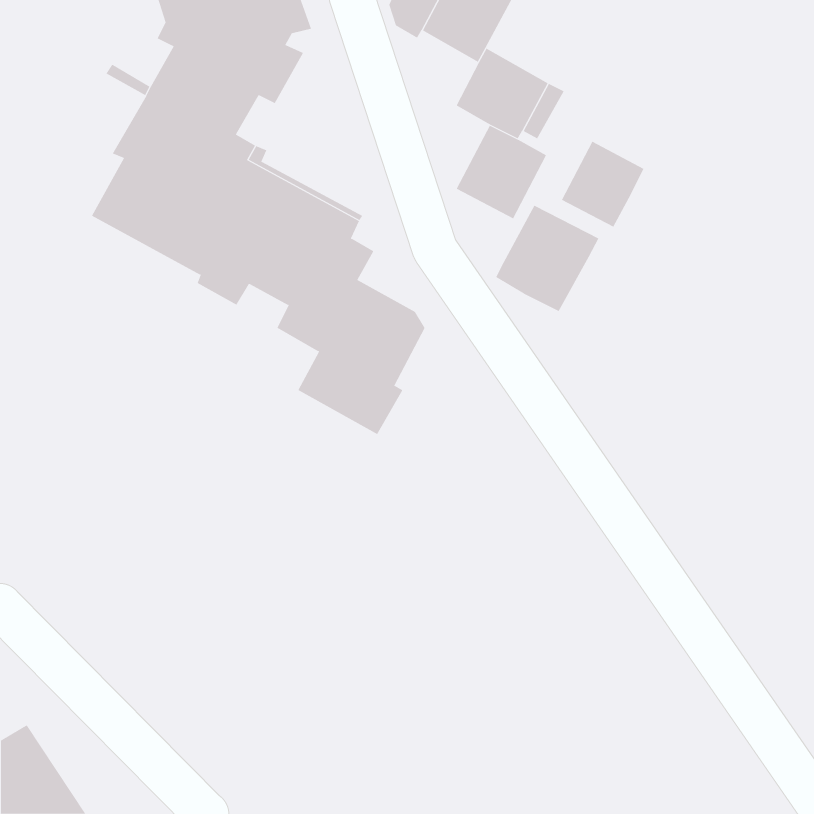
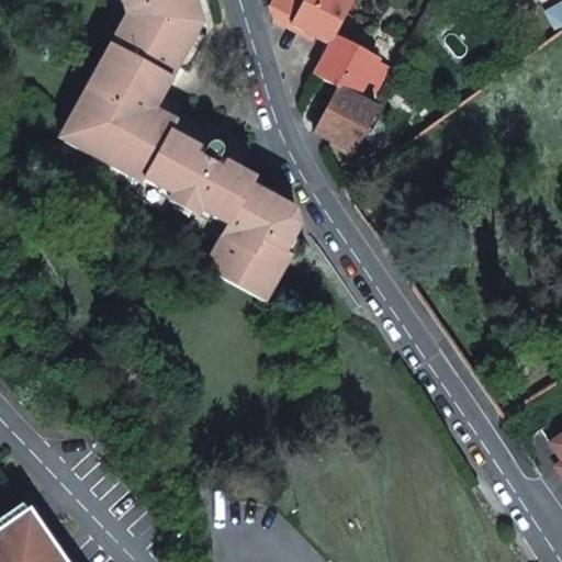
building: [561,141,644,227] -> none
building: [495,205,599,312] -> none

